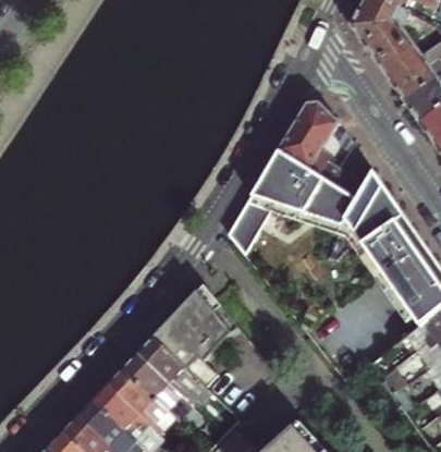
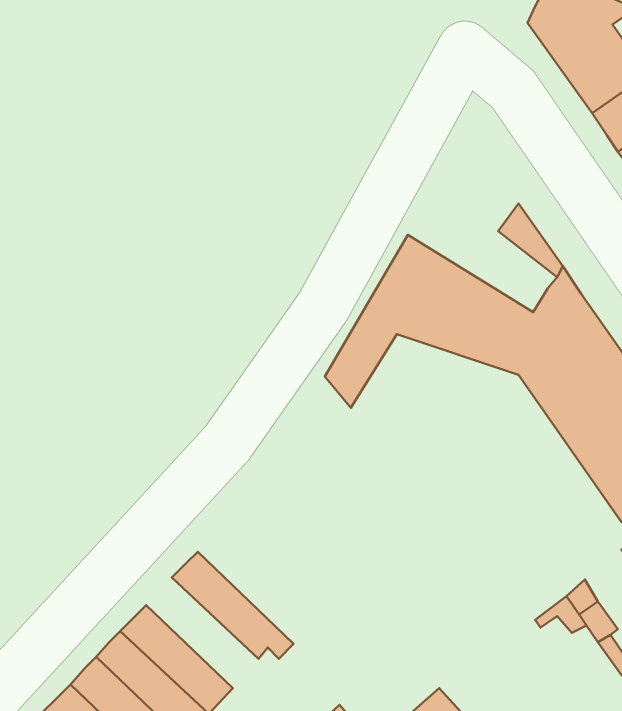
building: [279,101,362,195] -> none
building: [155,289,232,386] -> none
building: [124,352,195,420] -> none

